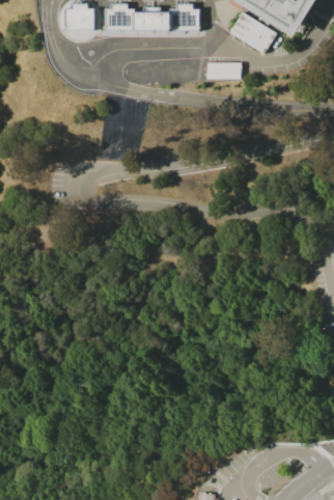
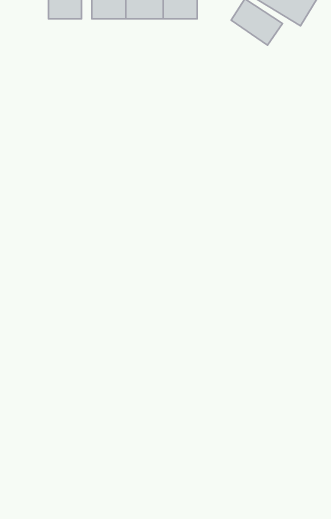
building: [206,62,240,79] -> none

